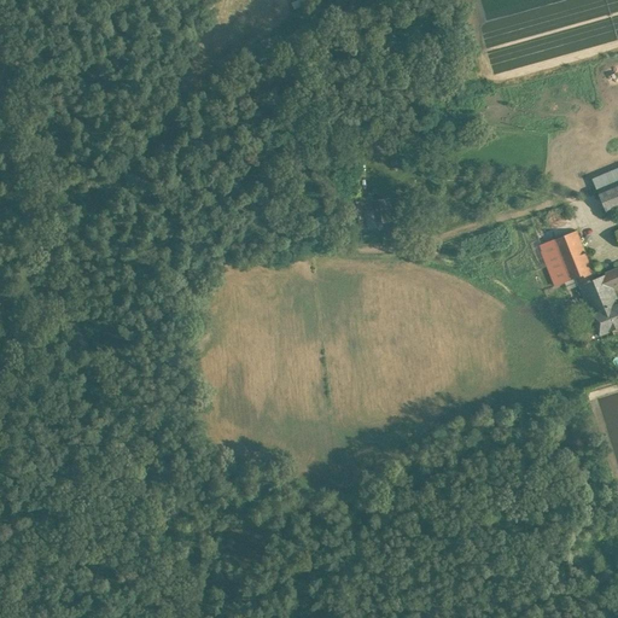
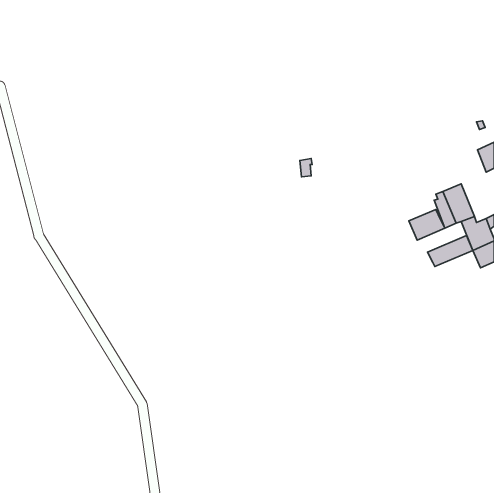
building: none -> [409,210,445,240]
building: none -> [427,235,473,267]

